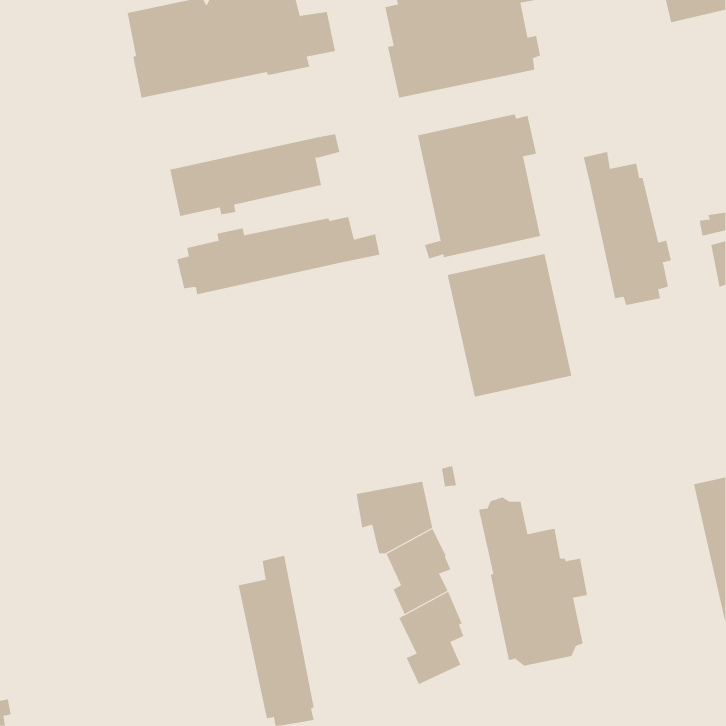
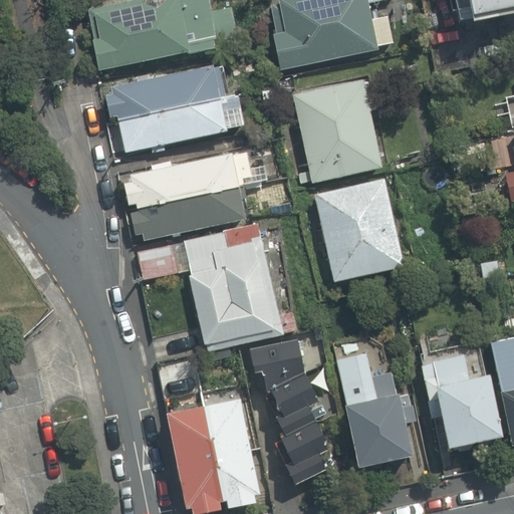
building: none -> [106,65,226,119]
building: [583,151,671,306] -> none
building: none -> [132,185,247,239]
building: none -> [137,222,296,350]
building: none -> [421,353,501,448]
building: none -> [201,389,260,506]

